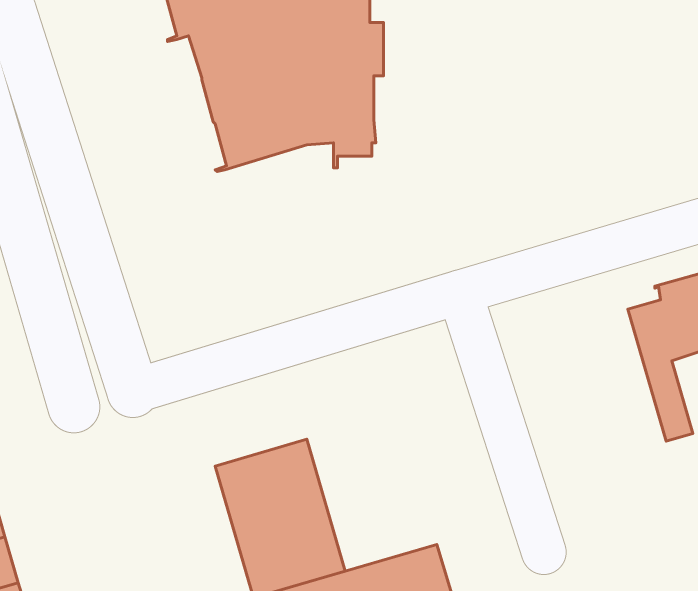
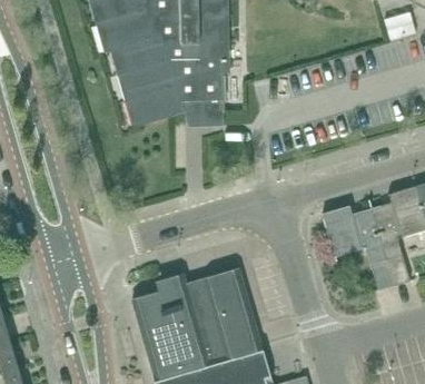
building: none -> [322,207,394,291]
building: none -> [185,269,260,362]

